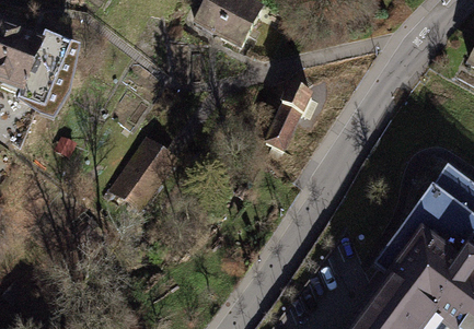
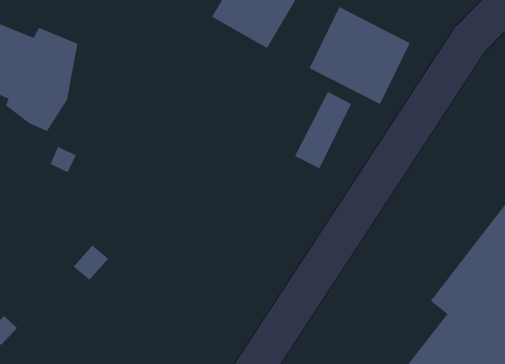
building: none -> [309,6,410,105]
building: [105,131,177,209] -> none

